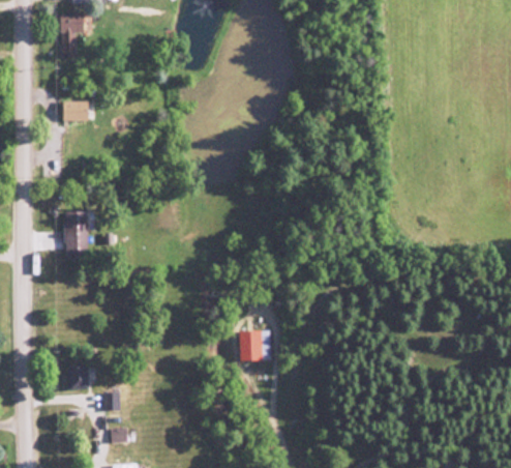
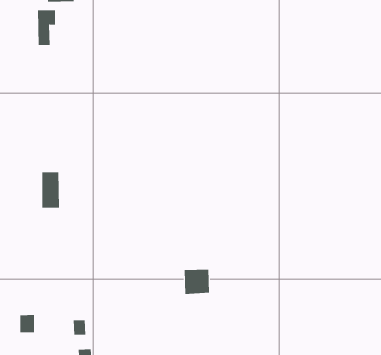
building: [62,101,88,121] -> none
building: [69,367,88,389] -> [20,314,35,333]

